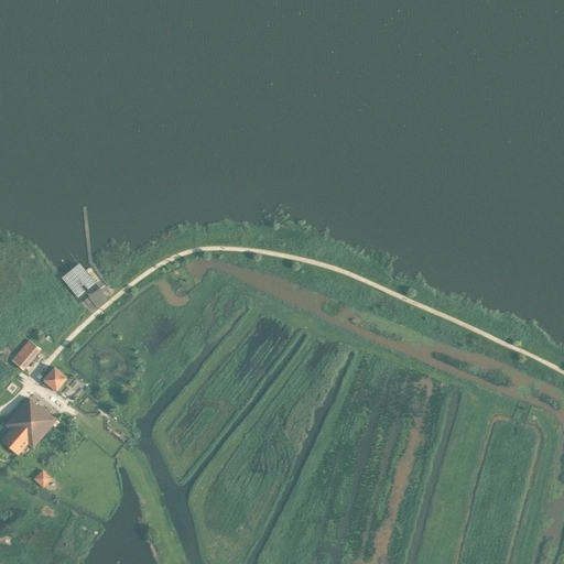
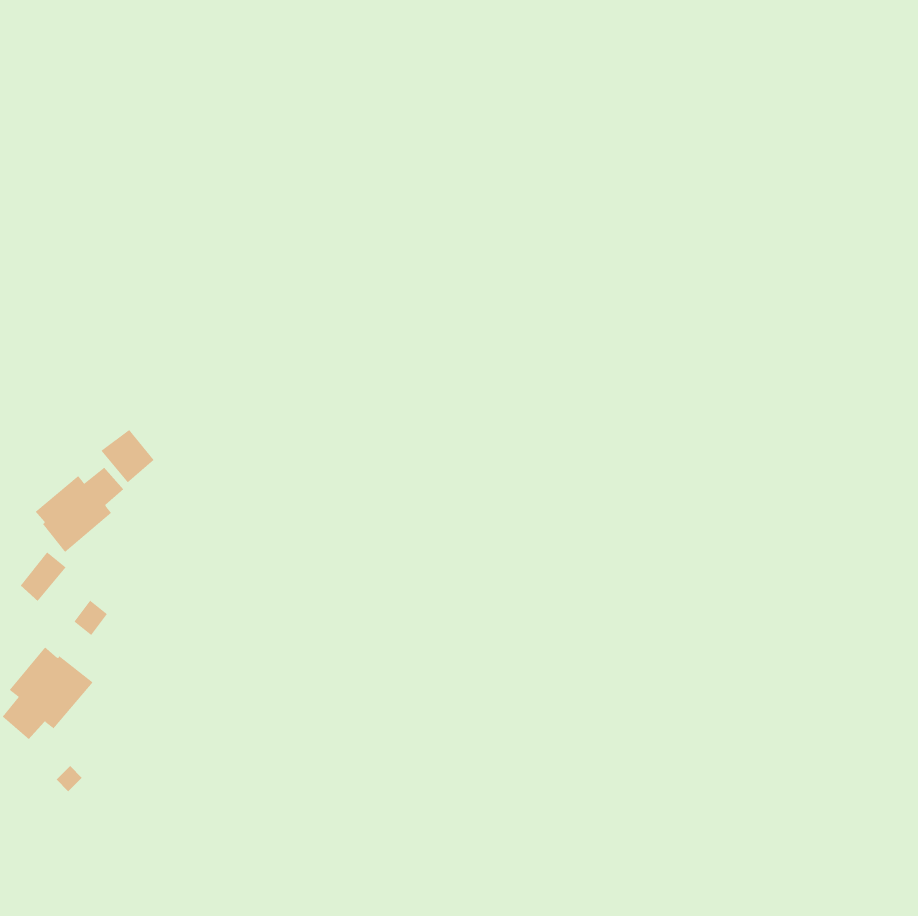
building: none -> [35,467,124,553]

